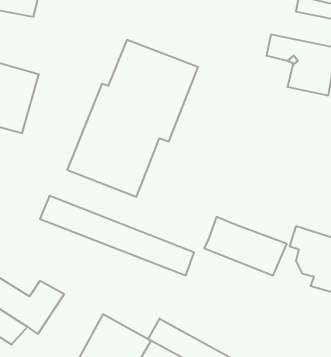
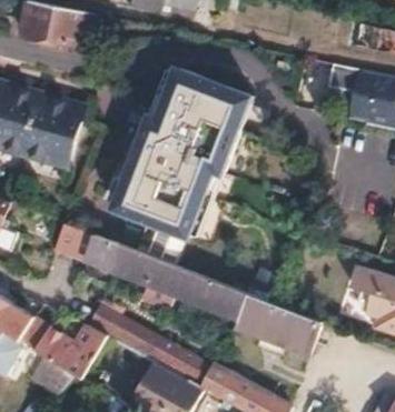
building: none -> [51,222,93,261]
building: [204,217,287,275] -> [234,294,322,356]
building: none -> [80,304,210,386]

